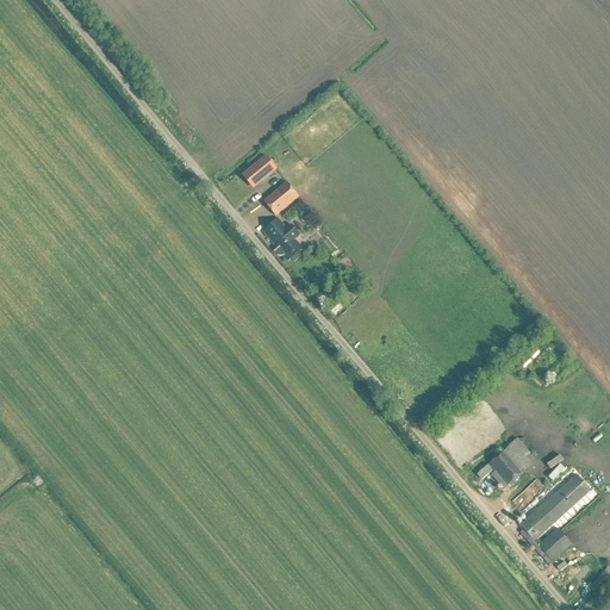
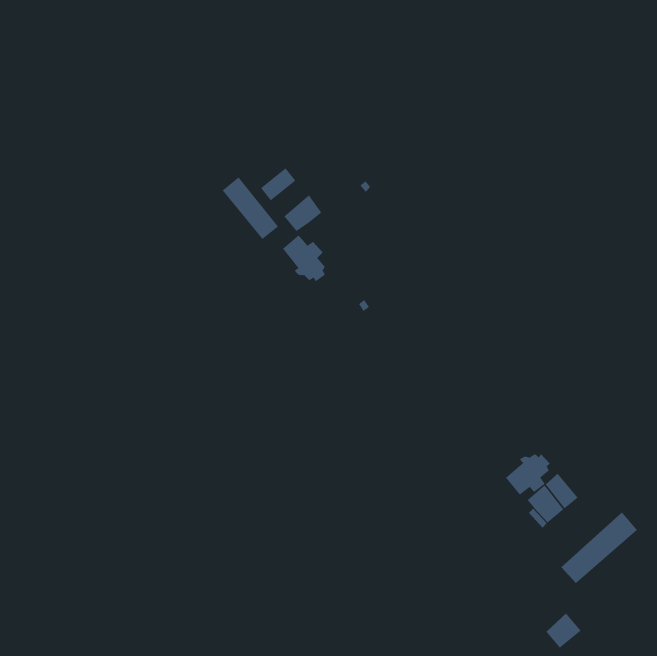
building: none -> [222,176,279,240]
building: none -> [505,453,550,496]
building: [537,527,571,560] -> [545,612,582,648]

